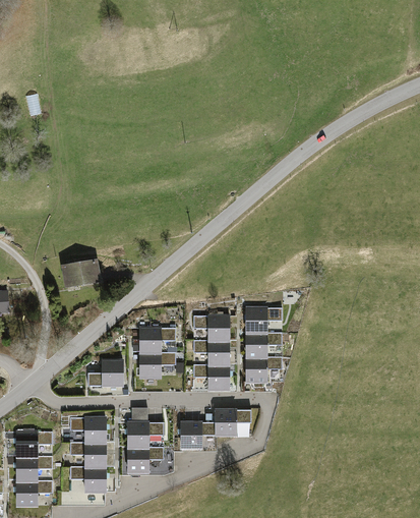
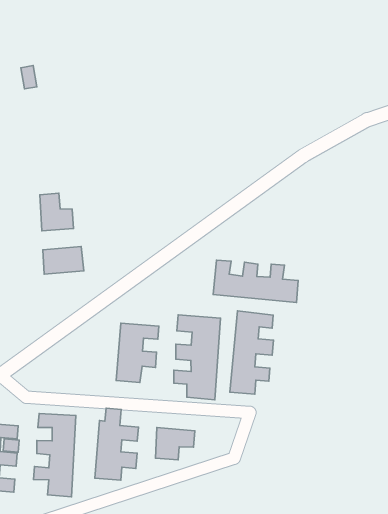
building: none -> [40,193,74,231]
building: none -> [213,260,298,303]
building: [88,359,124,387] -> none
building: [217,408,251,437] -> none

